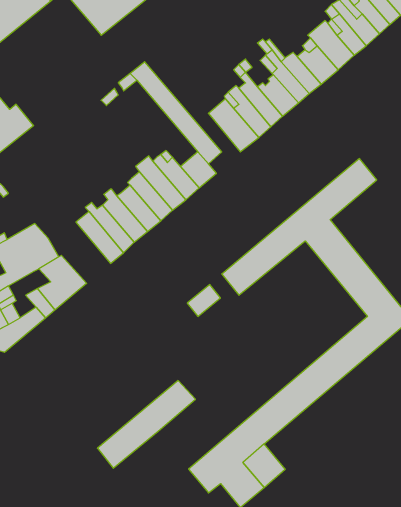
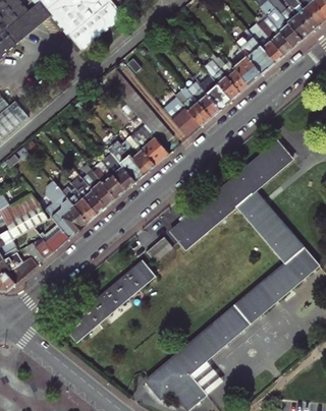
building: none -> [44,181,87,238]
building: [97,381,195,468] -> [72,269,148,336]

